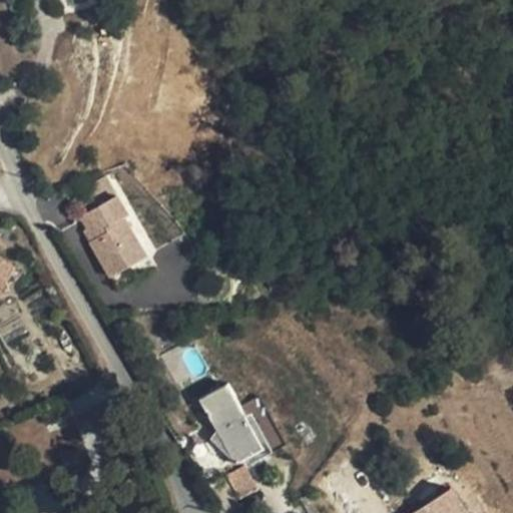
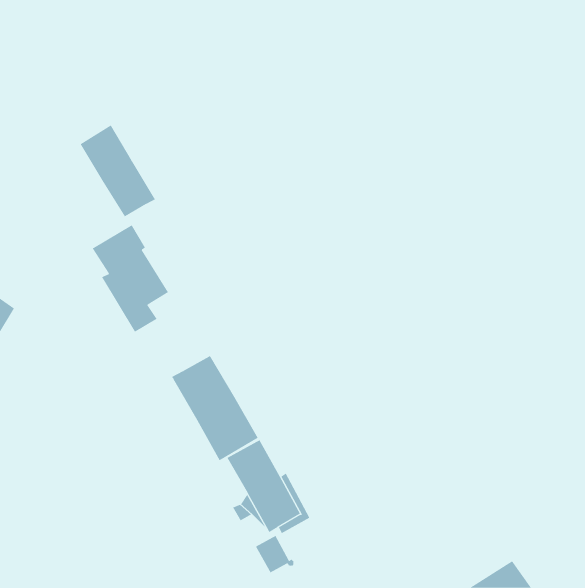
building: none -> [80,125,156,218]
building: none -> [171,355,259,461]

